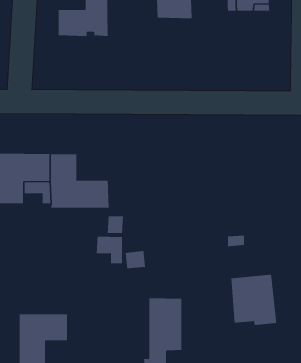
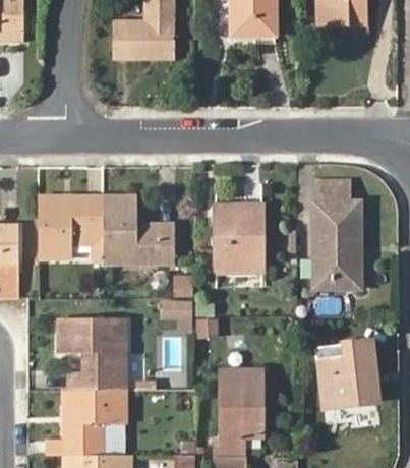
building: none -> [317,185,357,284]
building: none -> [216,207,261,273]
building: none -> [58,319,124,391]

